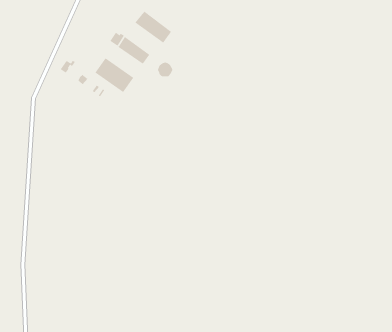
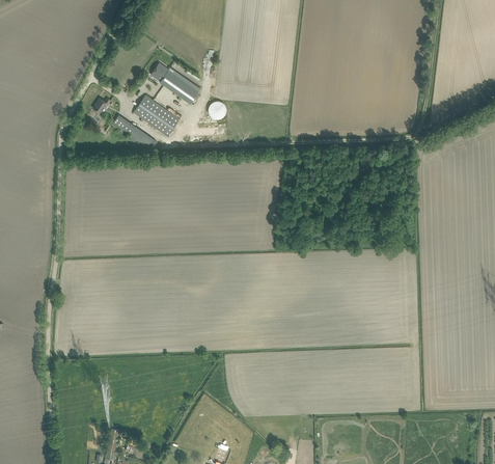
building: [135,10,172,44] -> none

